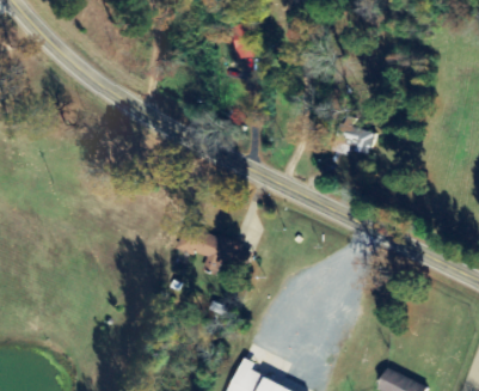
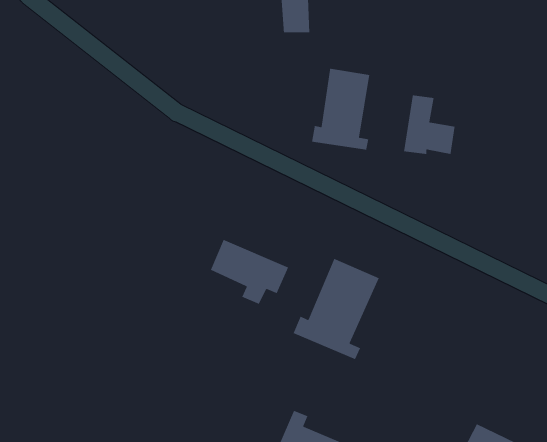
building: none -> [311,68,370,151]
building: none -> [292,258,380,360]

